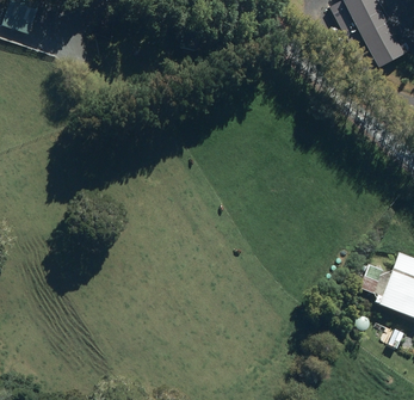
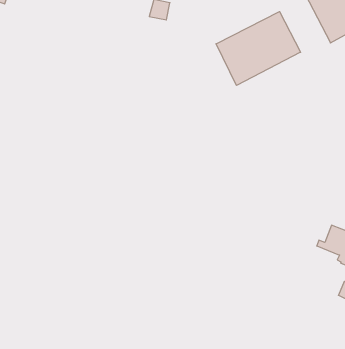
building: none -> [216,12,301,85]

